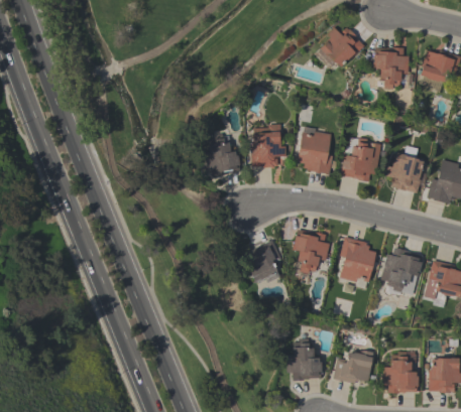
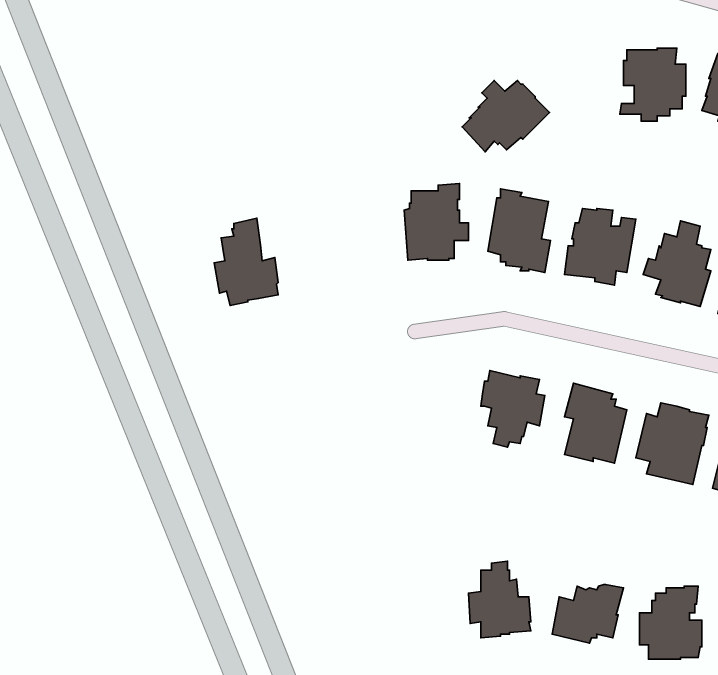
building: [315,27,364,67] -> [462,80,549,152]
building: [203,128,239,177] -> [214,218,278,305]
building: [243,240,281,281] -> none

